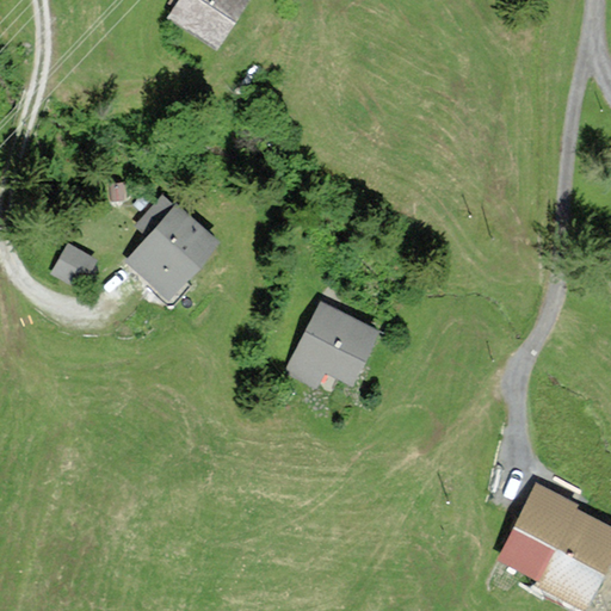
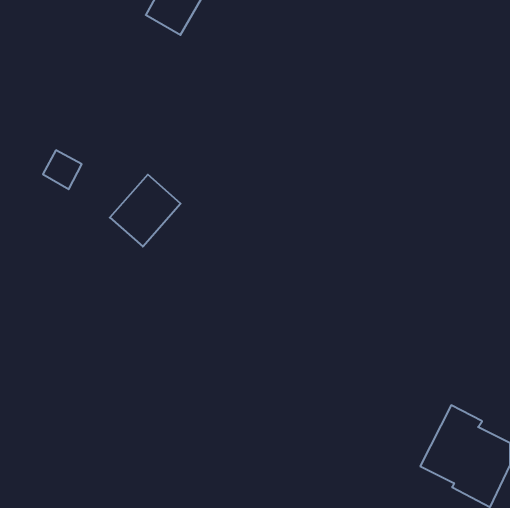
building: [51,243,98,290] -> [43,150,82,189]
building: [289,304,377,381] -> none

